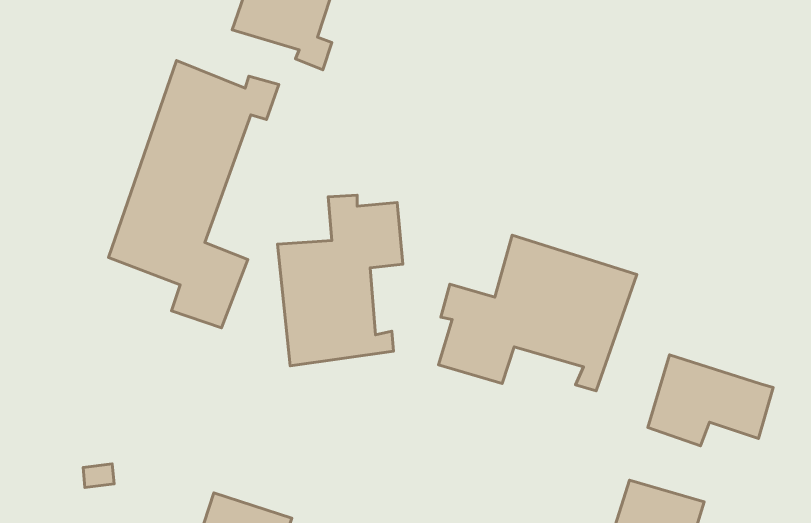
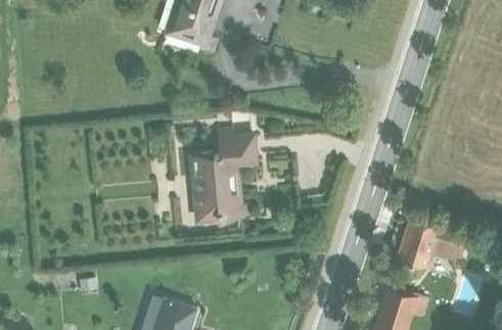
building: [109,60,279,328] -> none
building: [439,235,637,391] -> none

